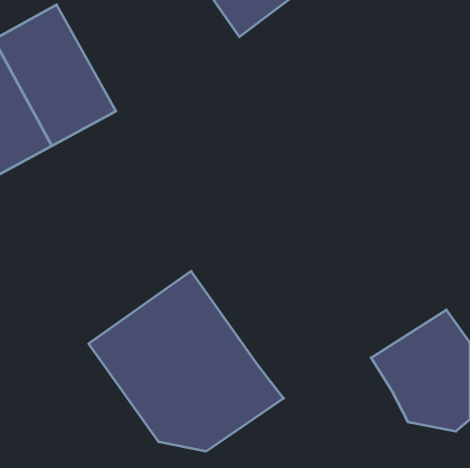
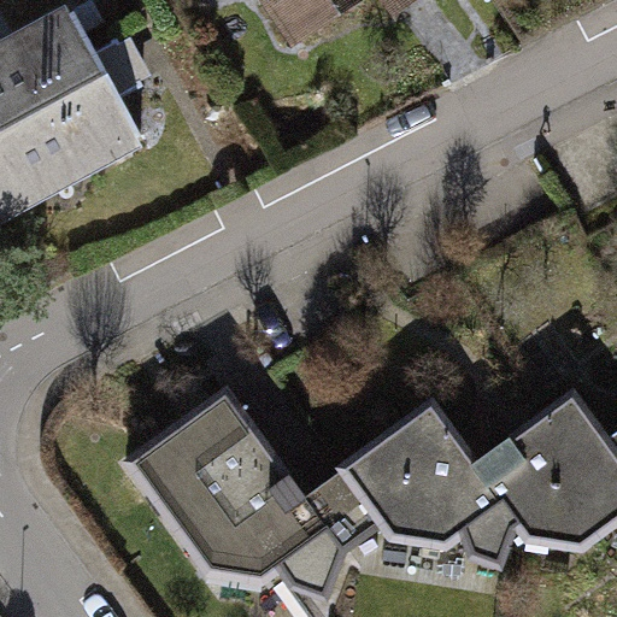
building: none -> [330,404,501,548]

